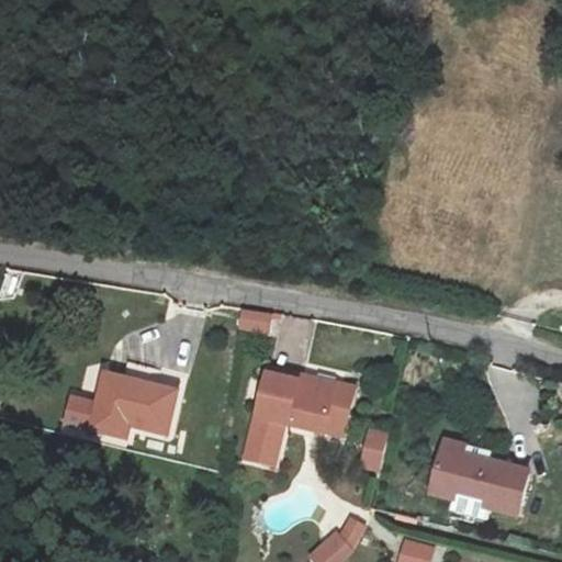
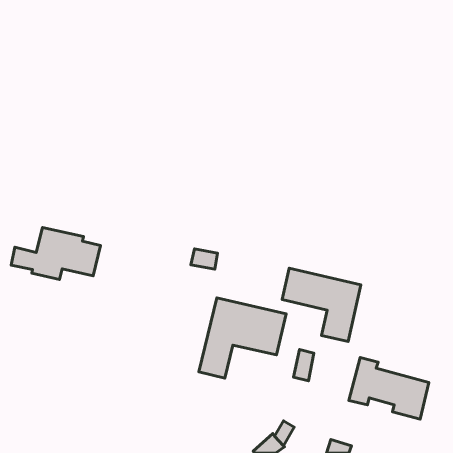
building: none -> [282,268,361,341]
building: [63,369,172,432] -> [11,228,100,279]

